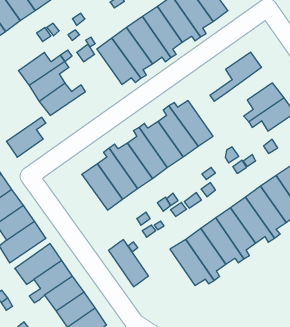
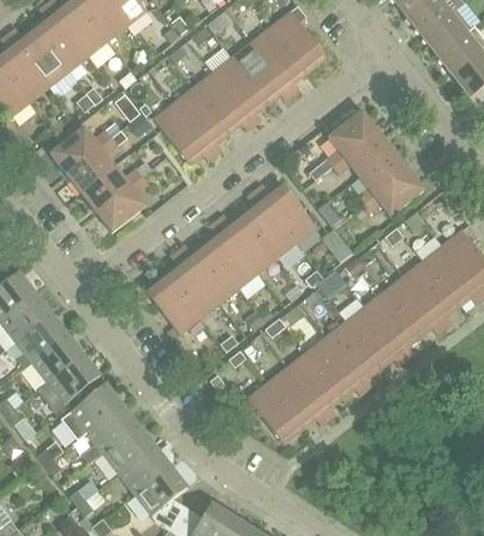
building: none -> [333,130,393,175]
building: [6,117,46,157] -> [97,175,149,231]
building: [109,240,148,287] -> [249,381,304,443]

